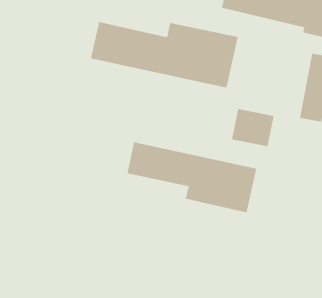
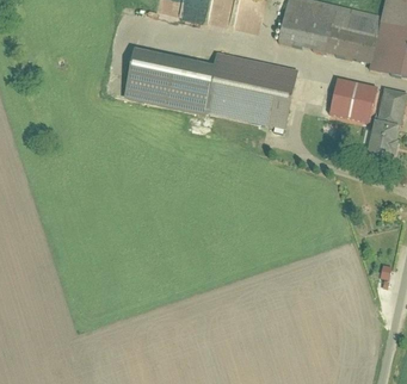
building: [231,109,274,147] -> [328,80,378,124]
building: [127,141,257,213] -> none

